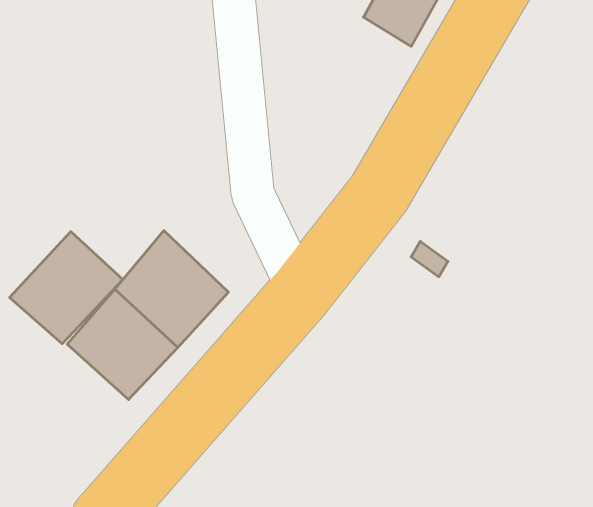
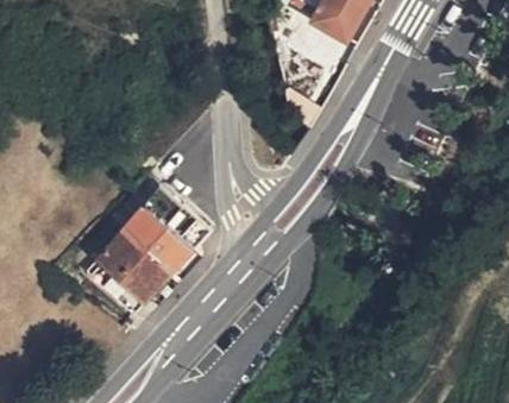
building: [10,232,123,344] -> none

